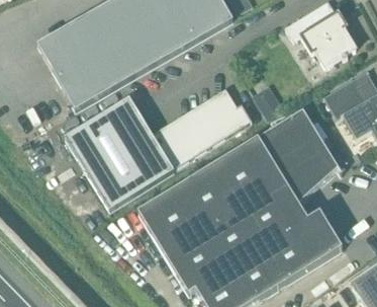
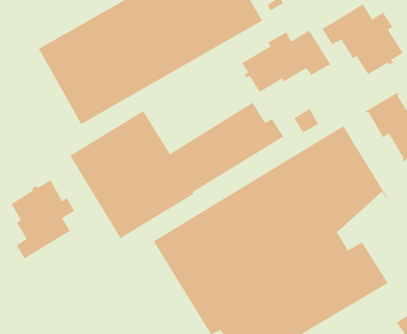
building: none -> [241,29,331,93]
building: none -> [10,179,75,260]

